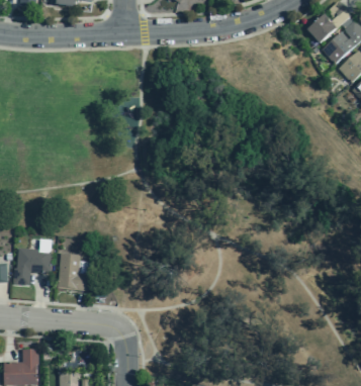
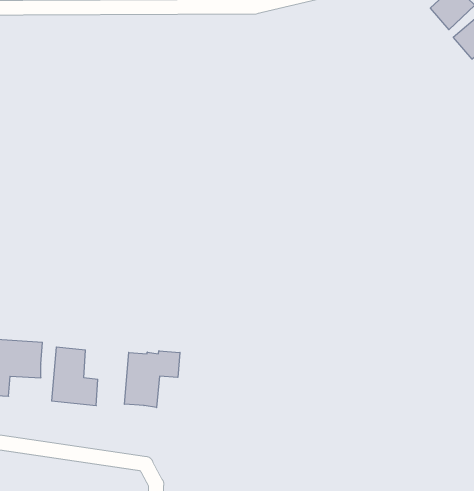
building: none -> [124,351,180,408]

